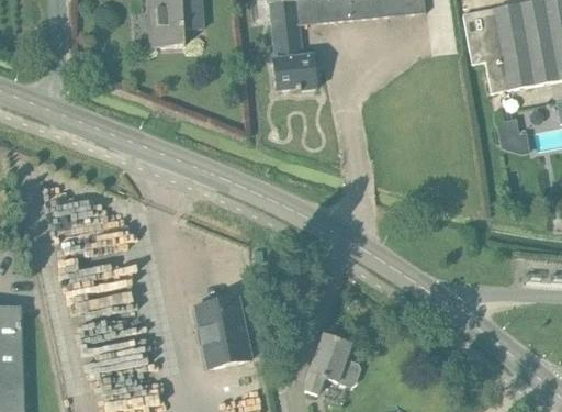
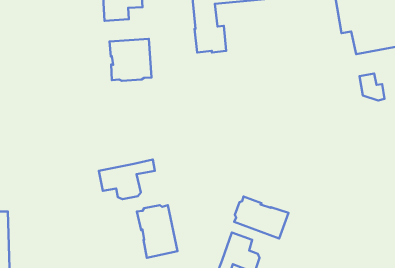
building: none -> [109,39,151,81]
building: none -> [99,160,155,199]
building: none -> [234,197,288,238]

